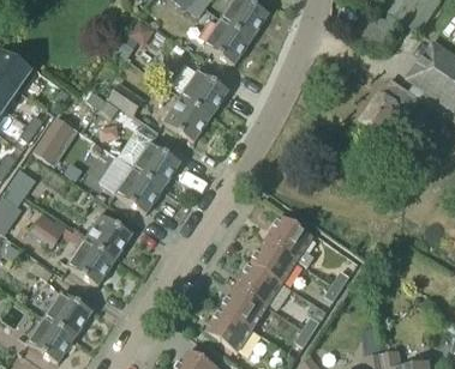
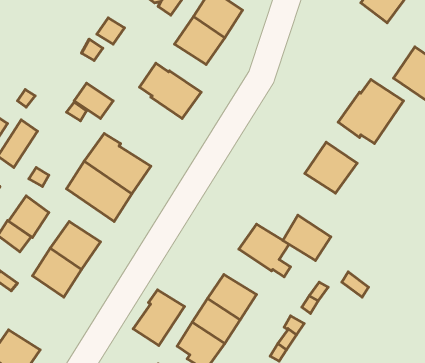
building: [163,95,210,141] -> none
building: none -> [305,142,357,193]
building: none -> [9,196,49,238]
building: [250,240,295,283] -> [283,215,331,261]
building: none -> [133,290,184,346]
building: [44,290,91,335] -> none

